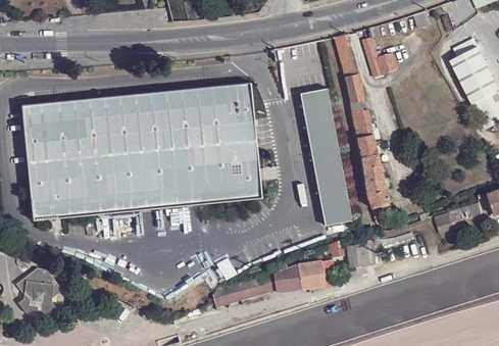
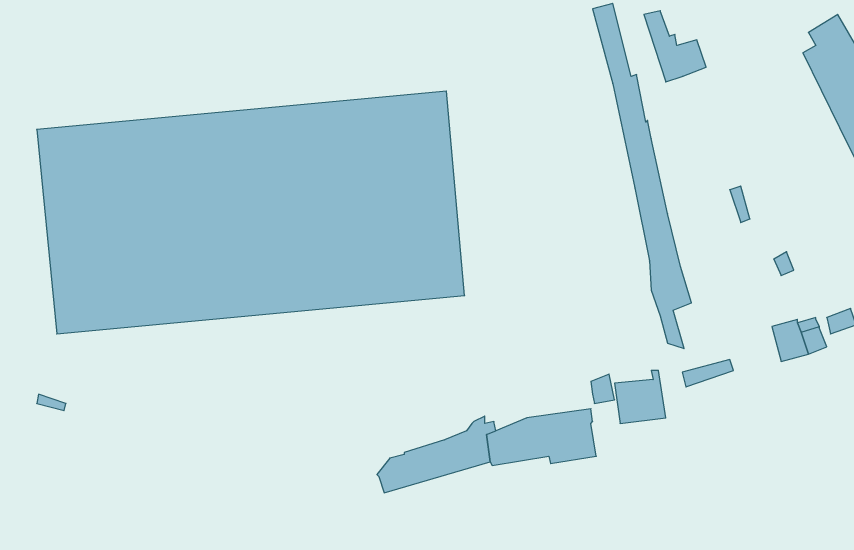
building: [301,89,353,227] -> none
building: [16,266,62,314] -> none

